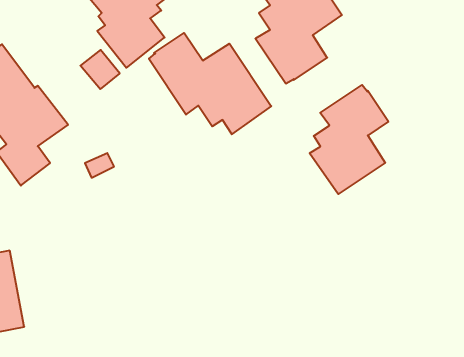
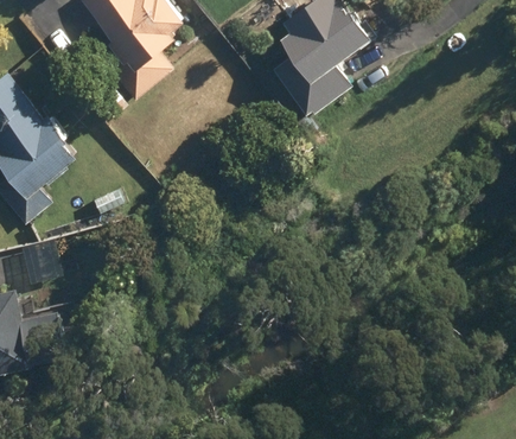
building: [149,33,271,134] -> none
building: [310,85,388,194] -> none

